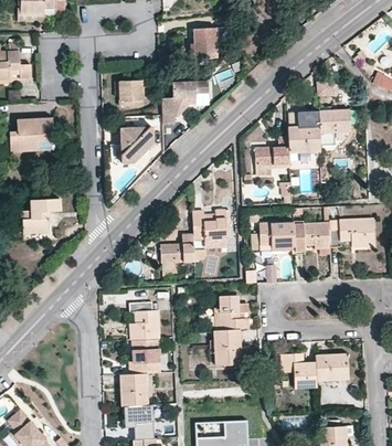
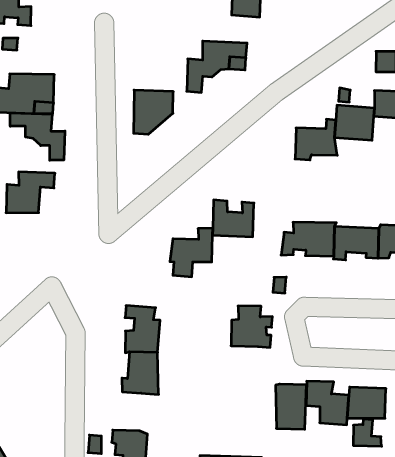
building: [120,79,151,106] -> none
building: none -> [10,113,65,160]
building: [212,328,239,365] -> [276,384,307,429]
building: [120,373,146,406] -> none

